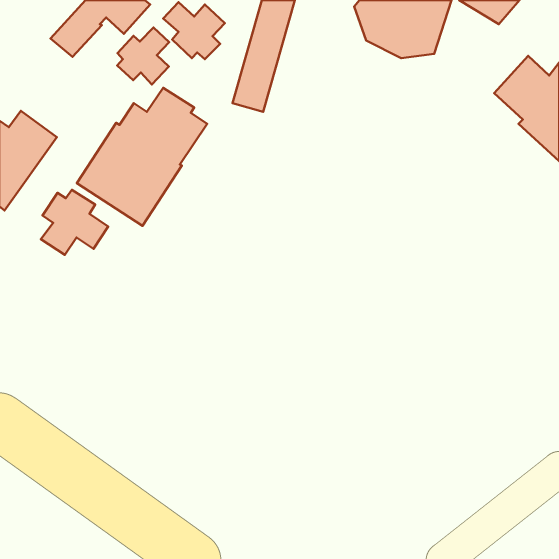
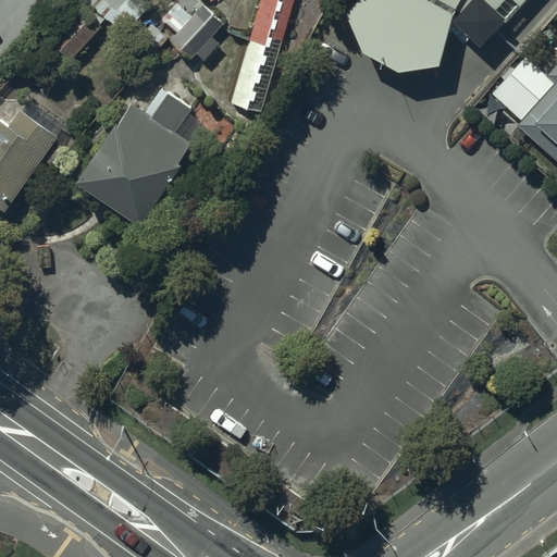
building: [117,27,169,84] -> none
building: [41,190,108,255] -> none

